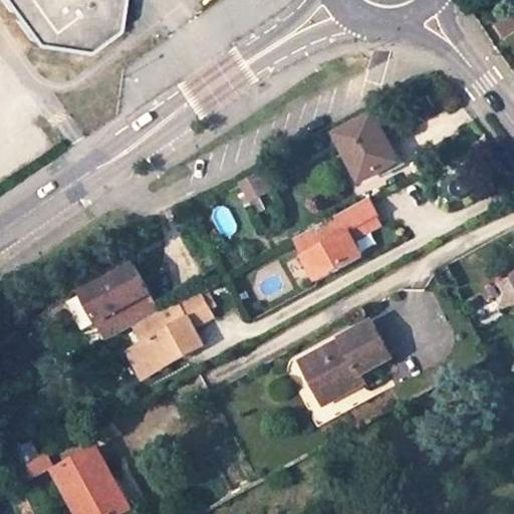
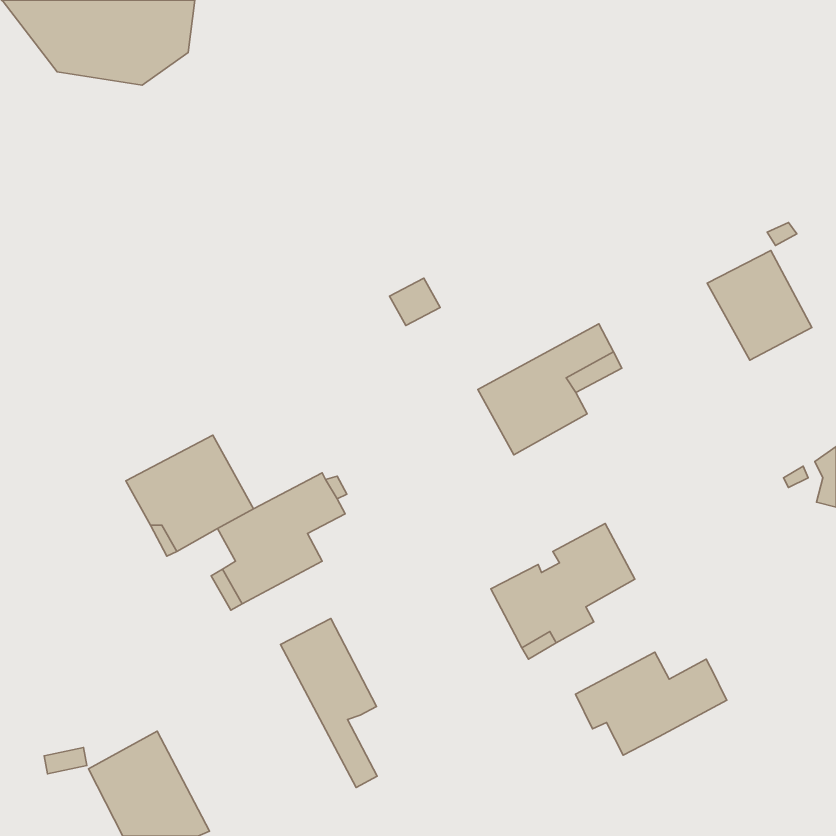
building: [333,115,398,183] -> [707,251,812,360]
building: none -> [280,619,377,788]
building: none -> [575,652,727,755]

